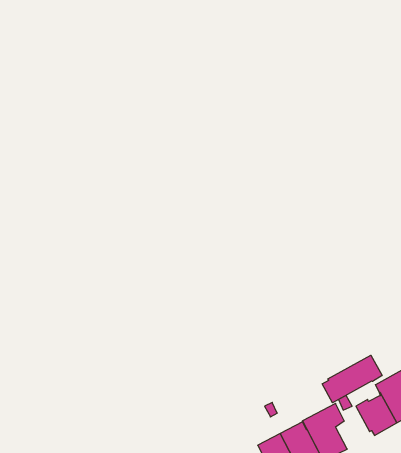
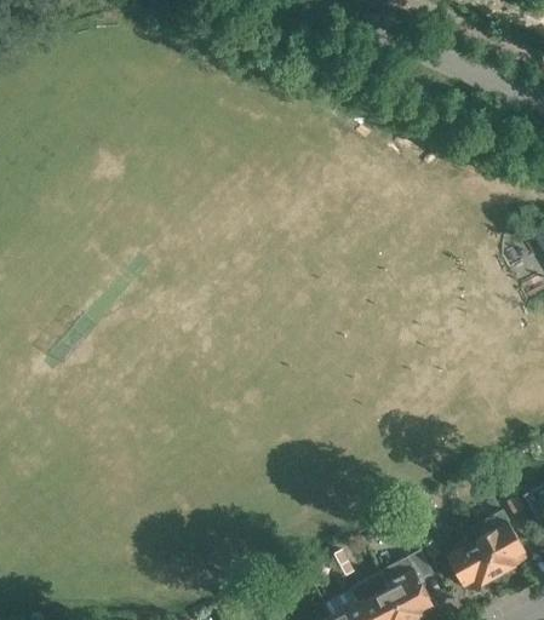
building: [322,355,382,403] -> none

